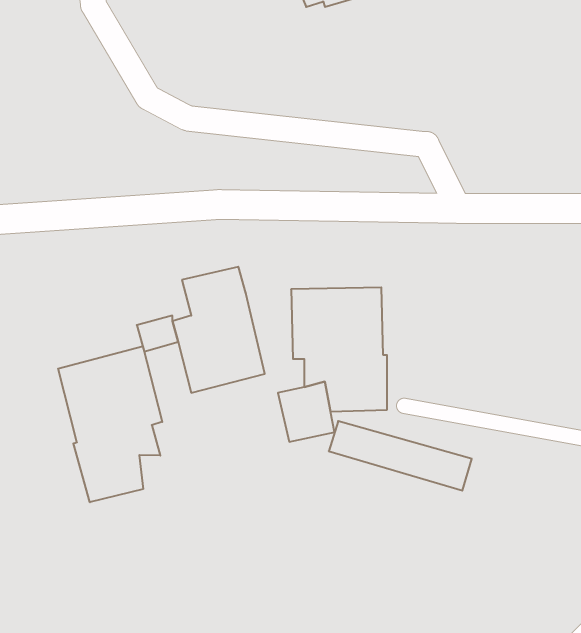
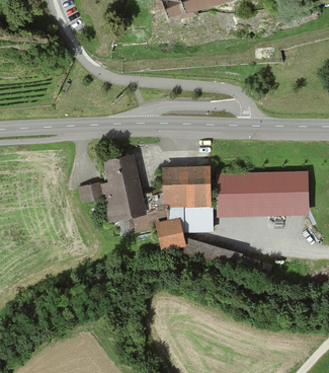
building: none -> [217,170,309,217]
building: [58,346,162,502] -> none

